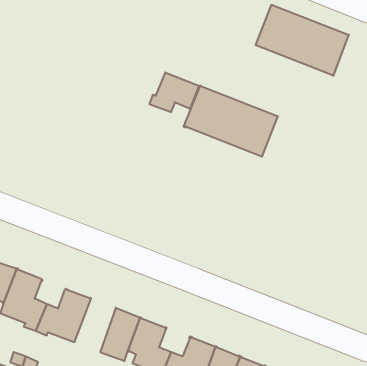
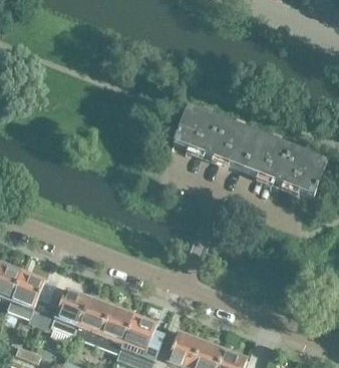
building: [256,5,349,76] -> [243,132,327,197]
building: [150,72,199,112] -> none
building: none -> [73,297,110,345]

